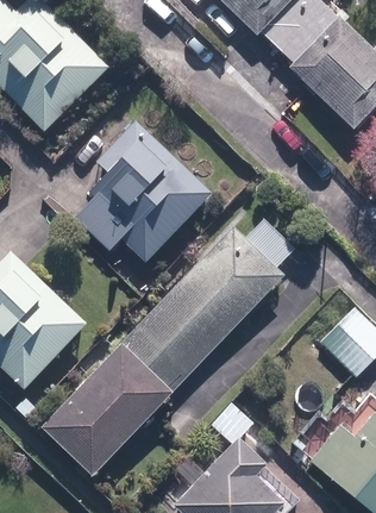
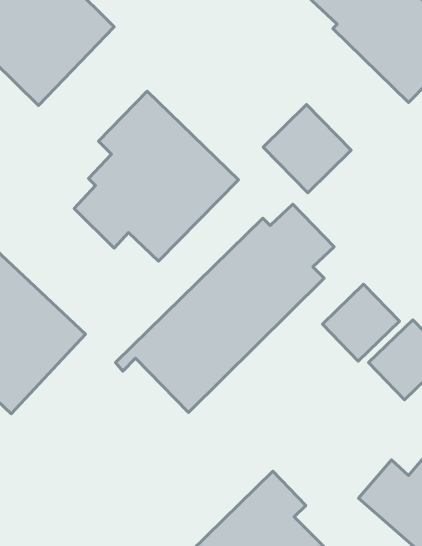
building: none -> [263,105,351,193]
building: none -> [322,284,399,361]
building: [44,343,177,476] -> none

